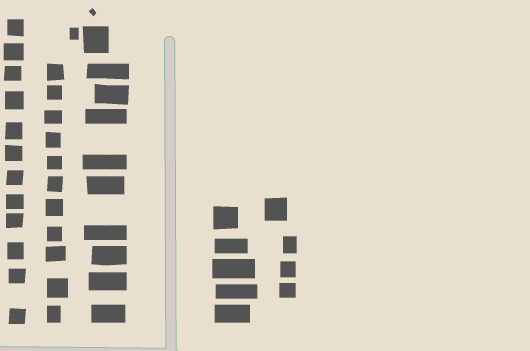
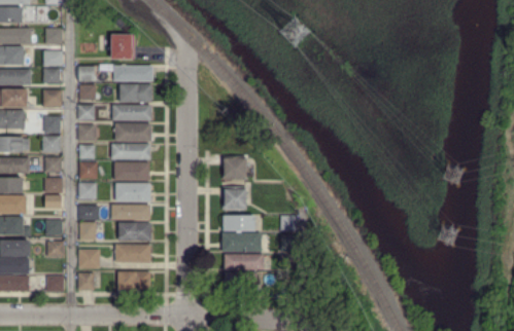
building: none -> [115,123,151,141]
building: [264,197,288,221] -> [225,158,245,179]
building: none -> [110,184,150,200]

